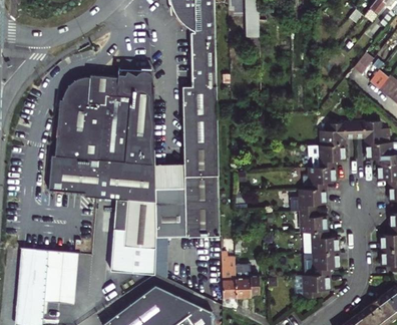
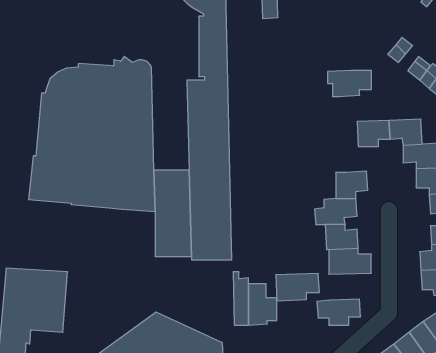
building: [307,145,344,168] -> [328,70,371,96]
building: [109,198,154,274] -> none
building: [302,253,339,276] -> [276,274,319,301]

